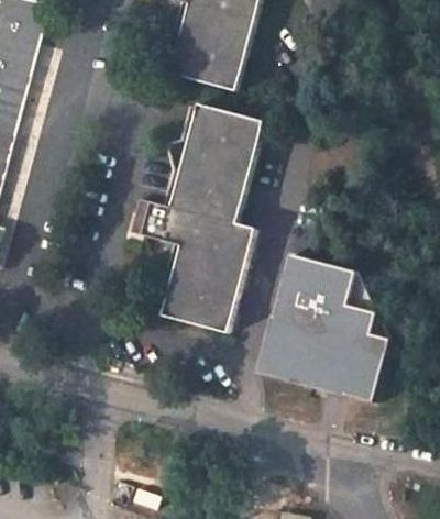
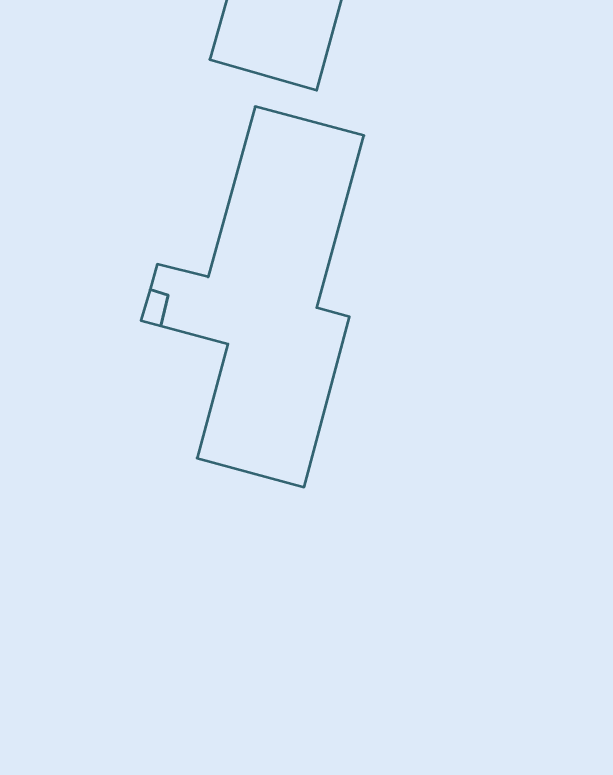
building: [257,254,389,404] -> none

